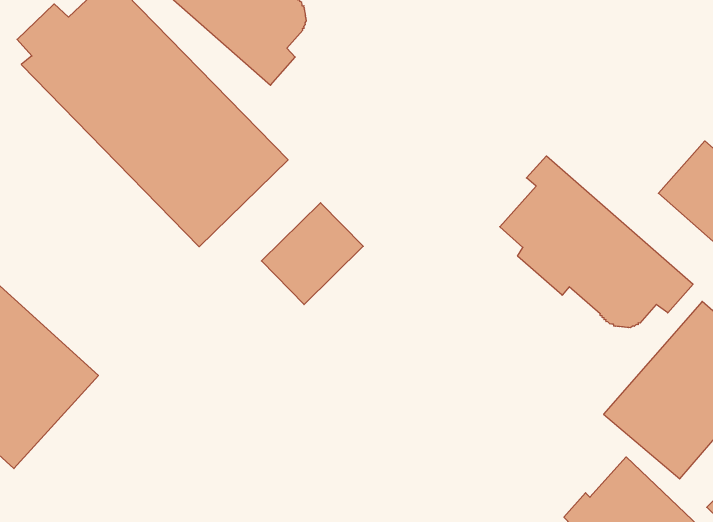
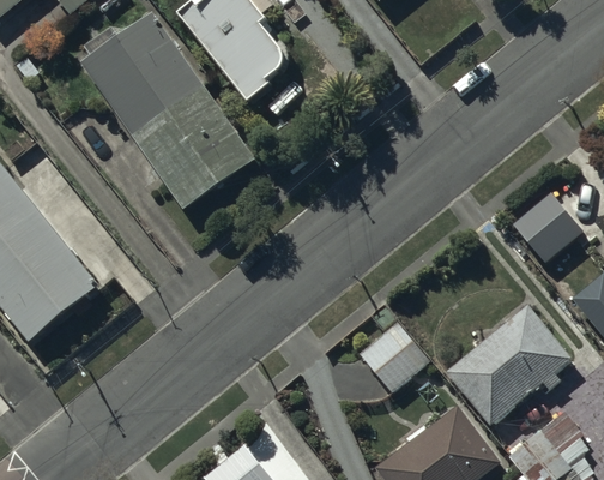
building: [500,156,693,328] -> none
building: [261,203,363,305] -> none
building: none -> [360,323,429,394]

